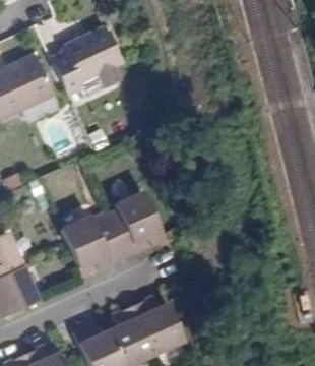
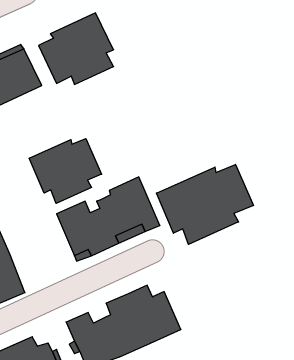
building: none -> [29,139,102,203]
building: none -> [156,164,253,244]

